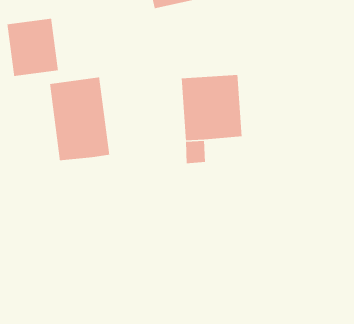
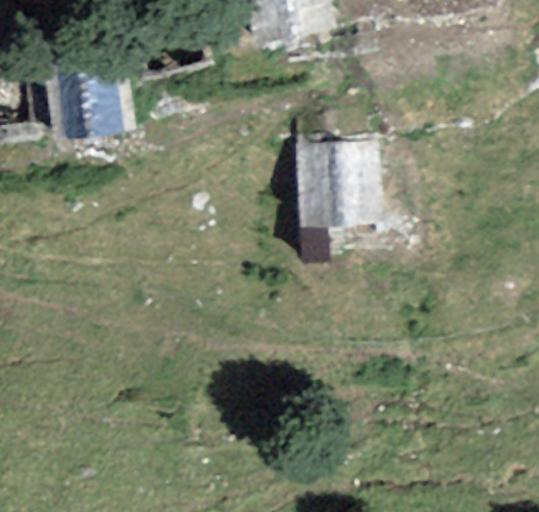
building: [49,76,110,161] -> none

